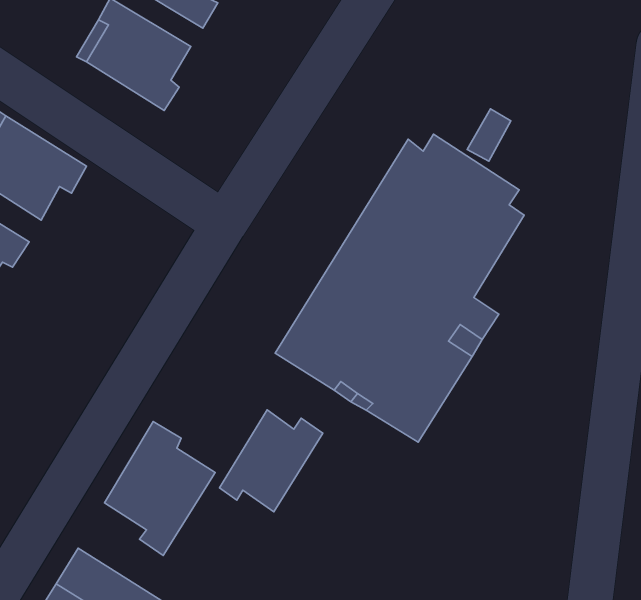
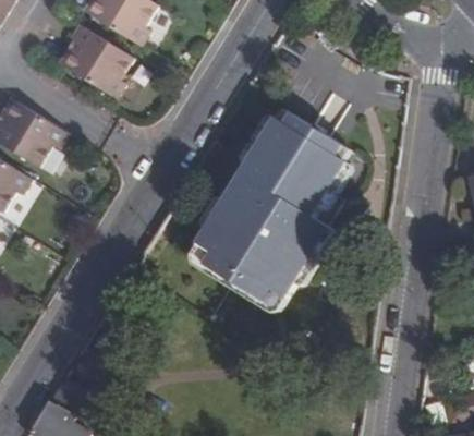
building: [219,410,323,512] -> none
building: [104,421,215,555] -> none

